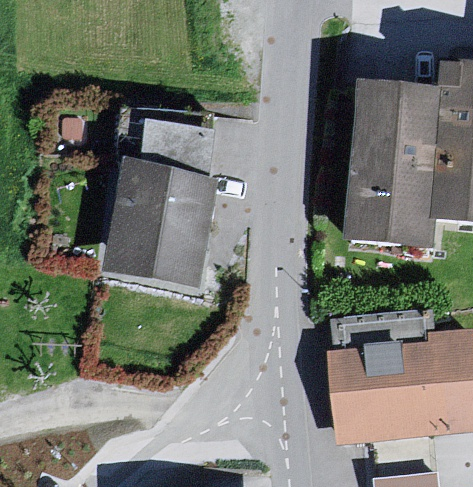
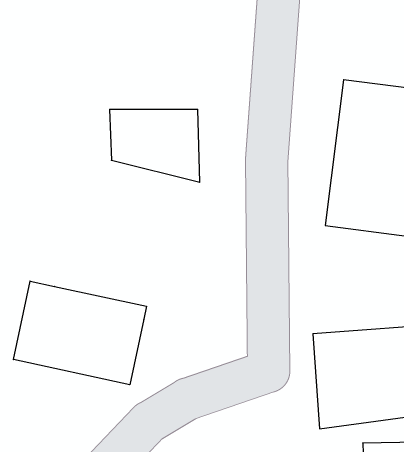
building: [100,168,212,297] -> none
building: none -> [13,281,146,385]

